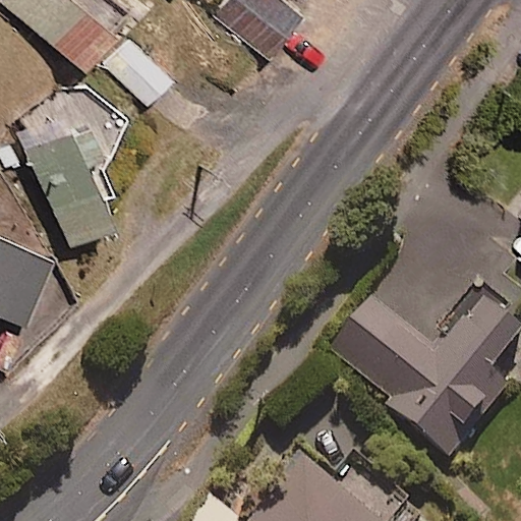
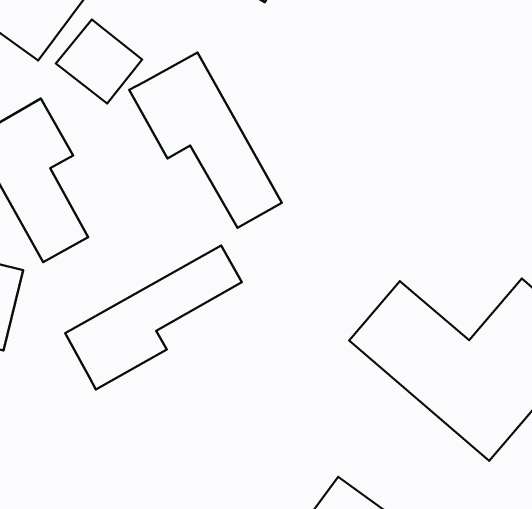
building: none -> [129,52,282,228]
building: none -> [65,245,242,389]

